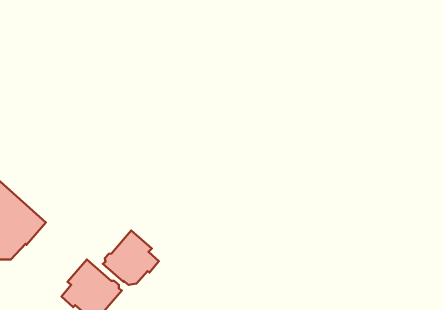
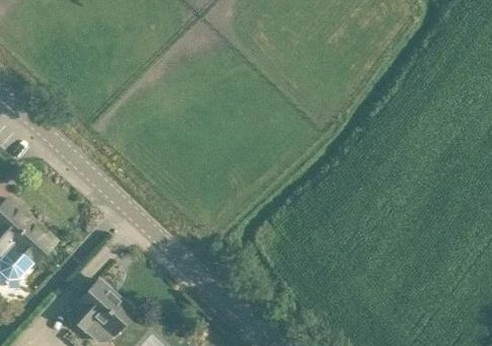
building: [103,231,159,285] -> none

